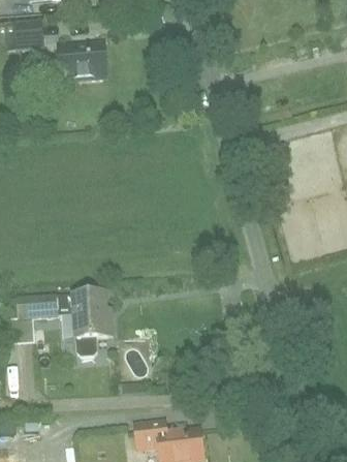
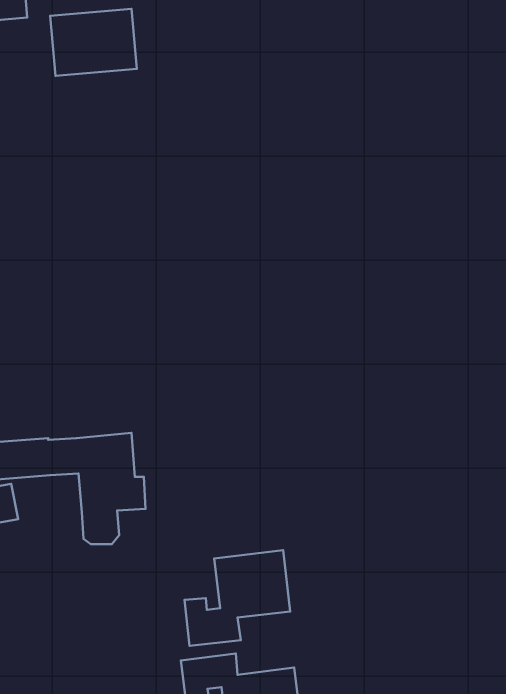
building: none -> [184,550,290,646]

